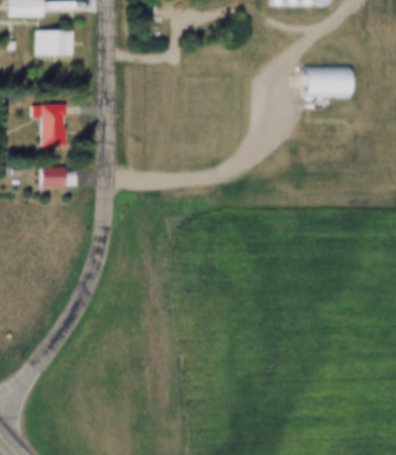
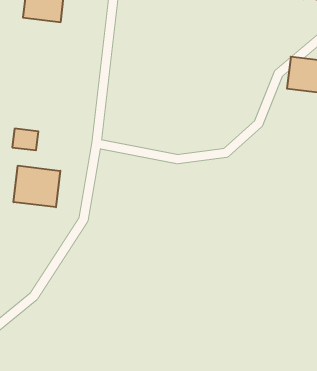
building: [31,105,65,149] -> none
building: none -> [14,166,60,207]

